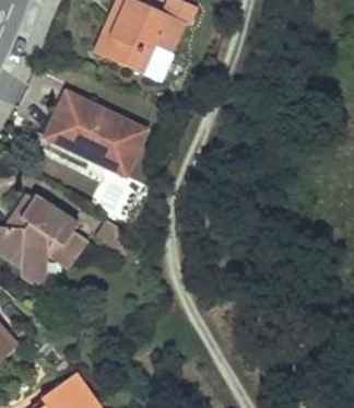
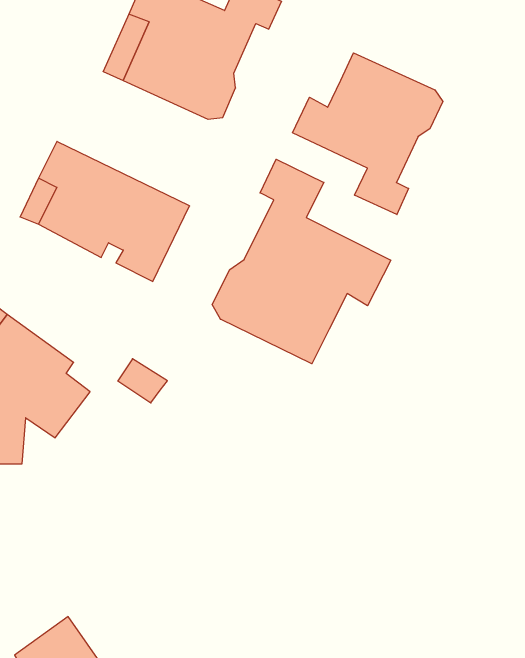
building: none -> [292,53,443,215]
building: none -> [212,159,391,364]

